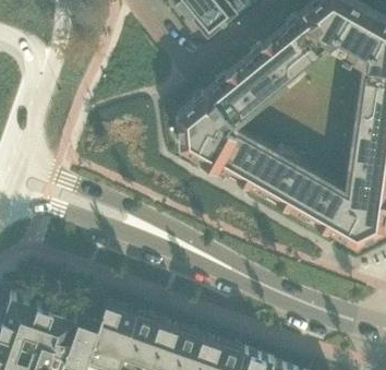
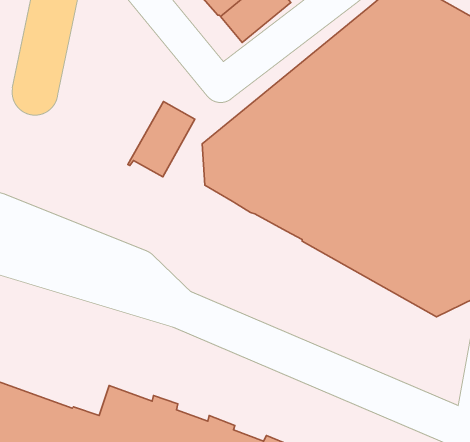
building: none -> [128,102,195,177]

